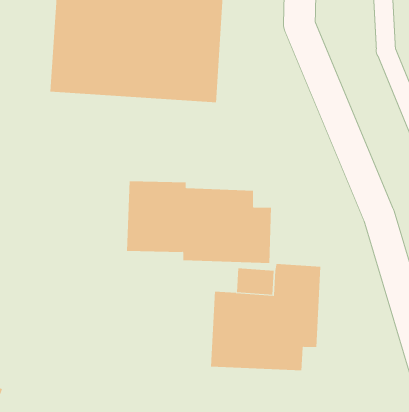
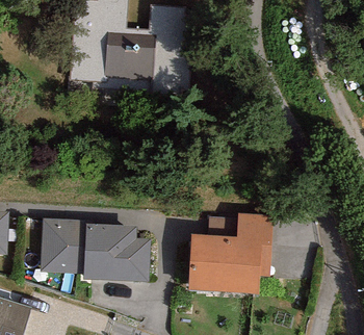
building: [126,181,272,263] -> [38,218,149,281]

